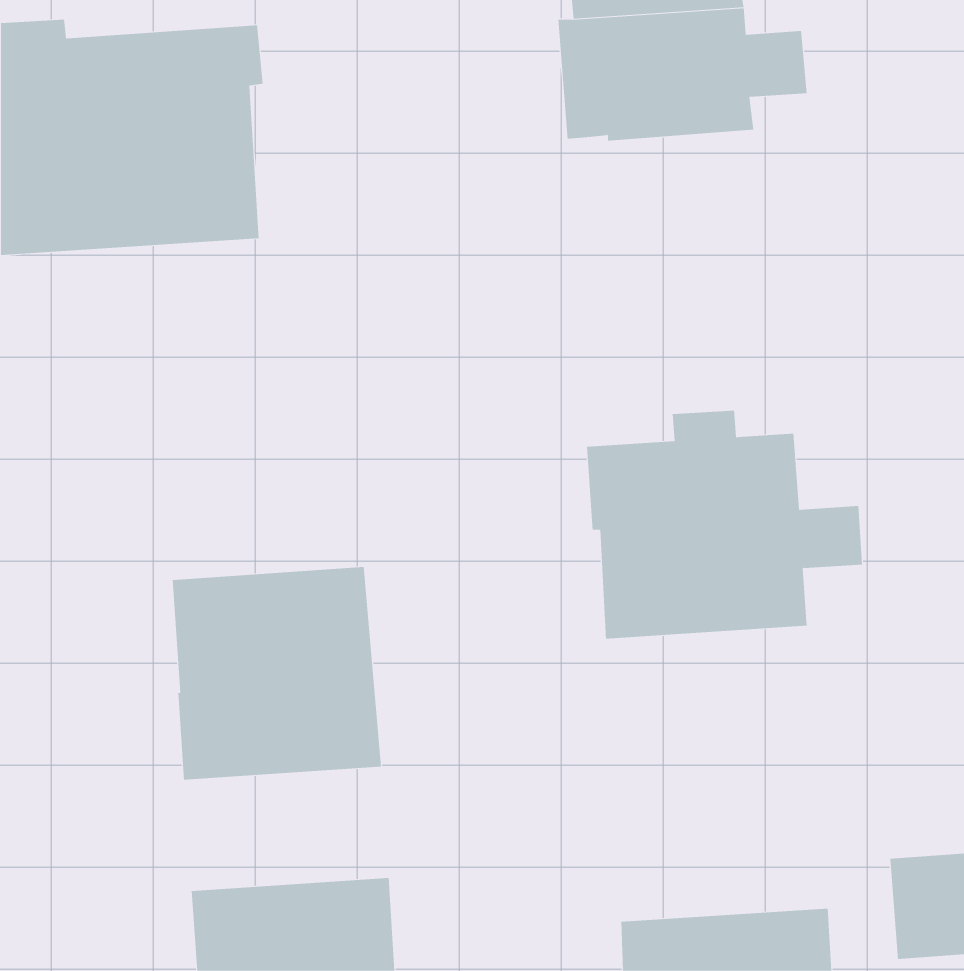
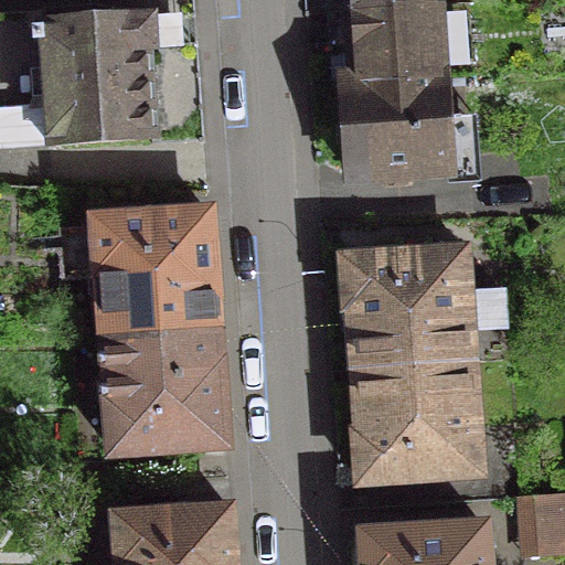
building: none -> [347,75,449,178]
building: none -> [96,212,217,335]
building: none -> [356,362,482,481]

